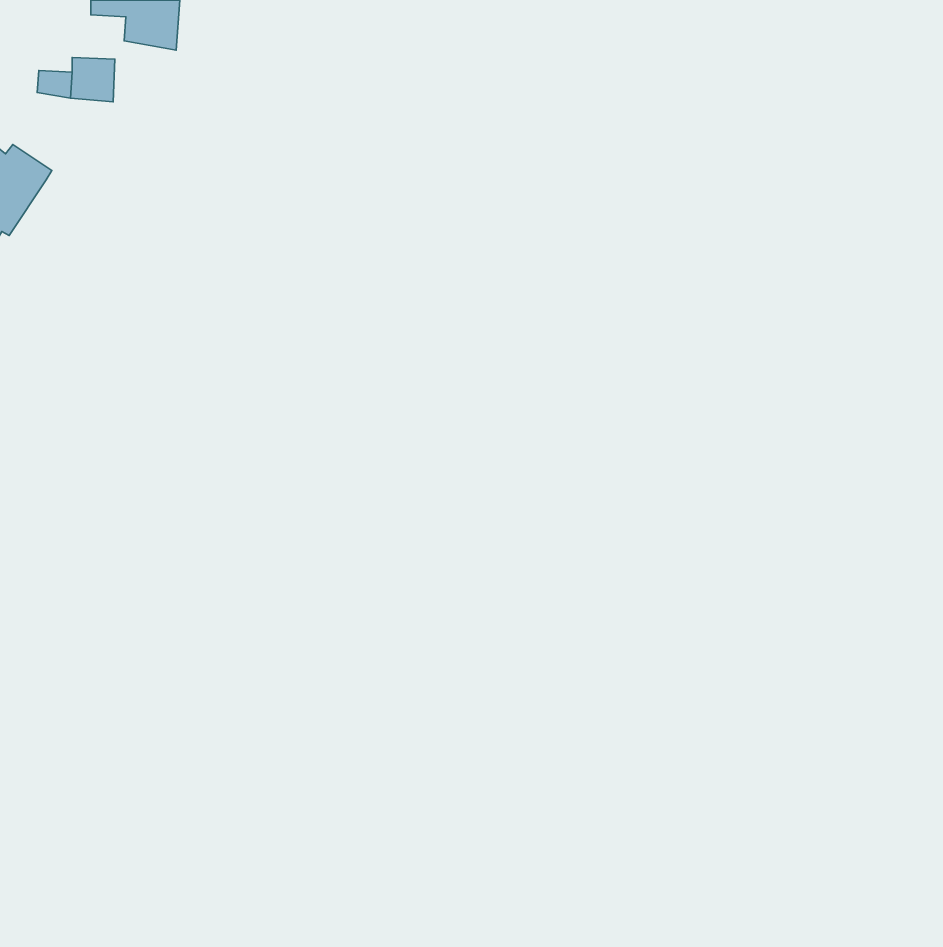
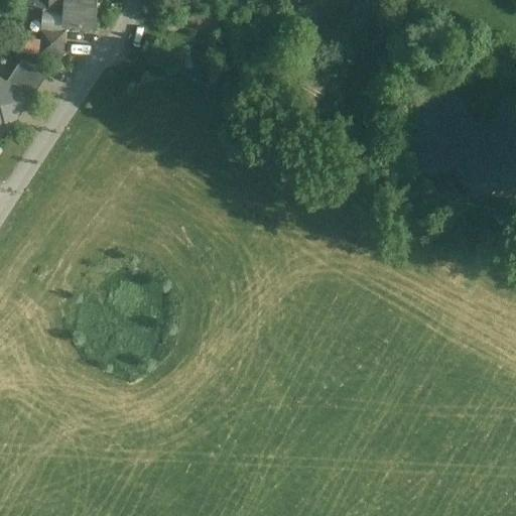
building: none -> [39,7,69,33]
building: none -> [7,58,45,96]

